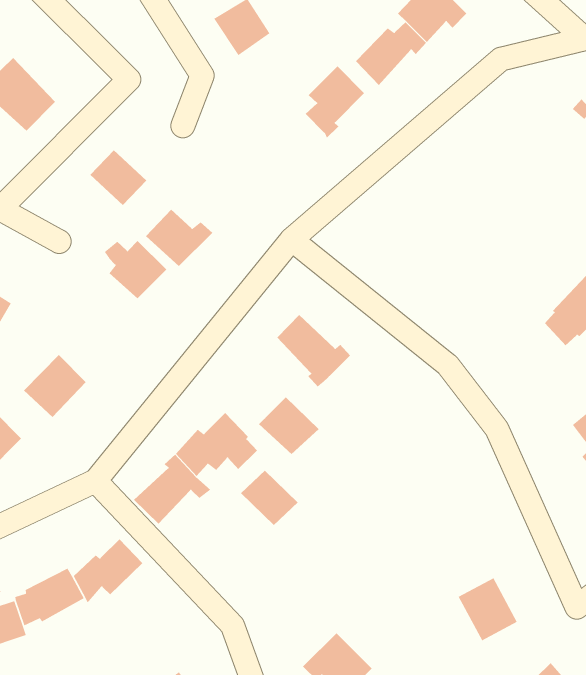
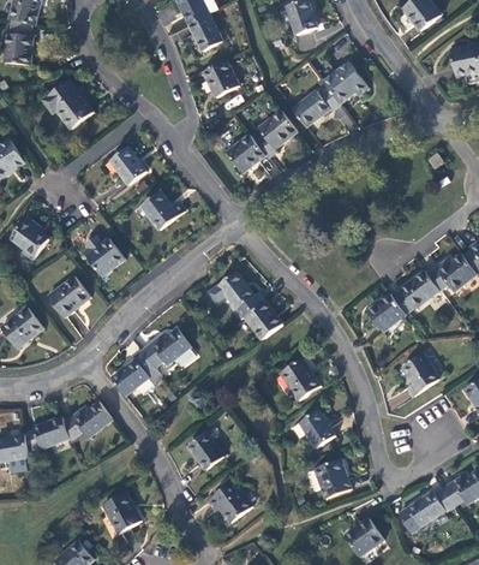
building: none -> [227,133,265,172]
building: [104,240,167,299] -> [85,236,125,275]
building: none -> [367,292,406,332]
building: [258,397,320,455] -> [244,301,283,339]
building: none -> [280,357,319,400]
building: [240,470,298,526] -> [187,432,224,469]
building: none -> [299,409,335,448]

